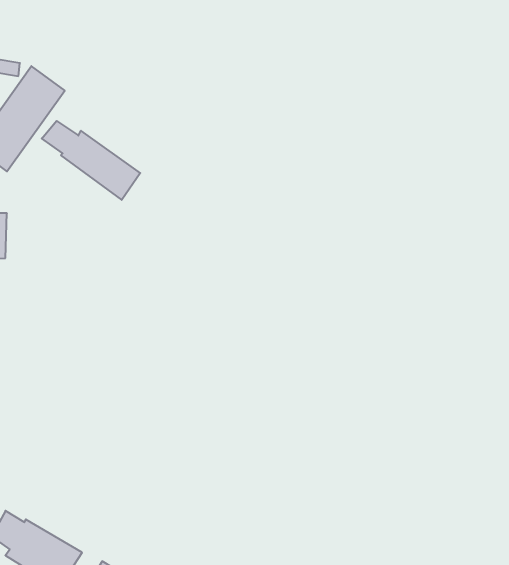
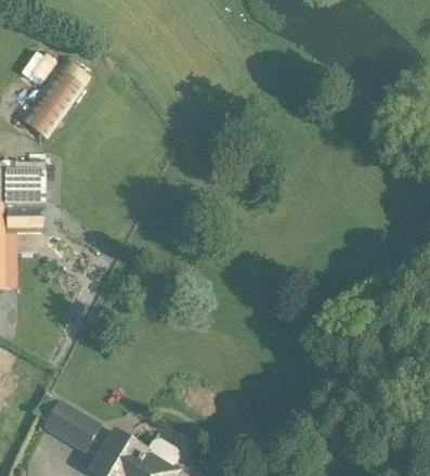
building: [42,121,140,200] -> none

